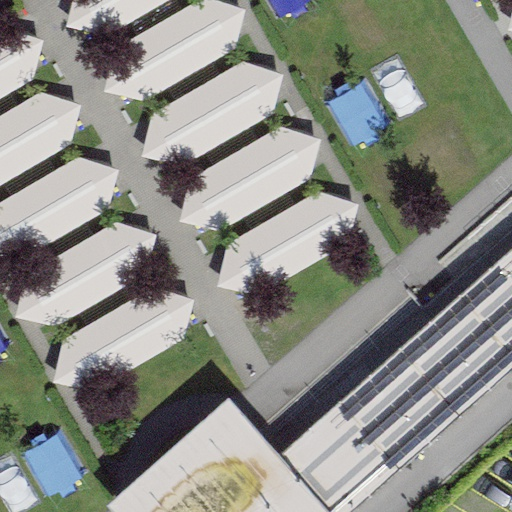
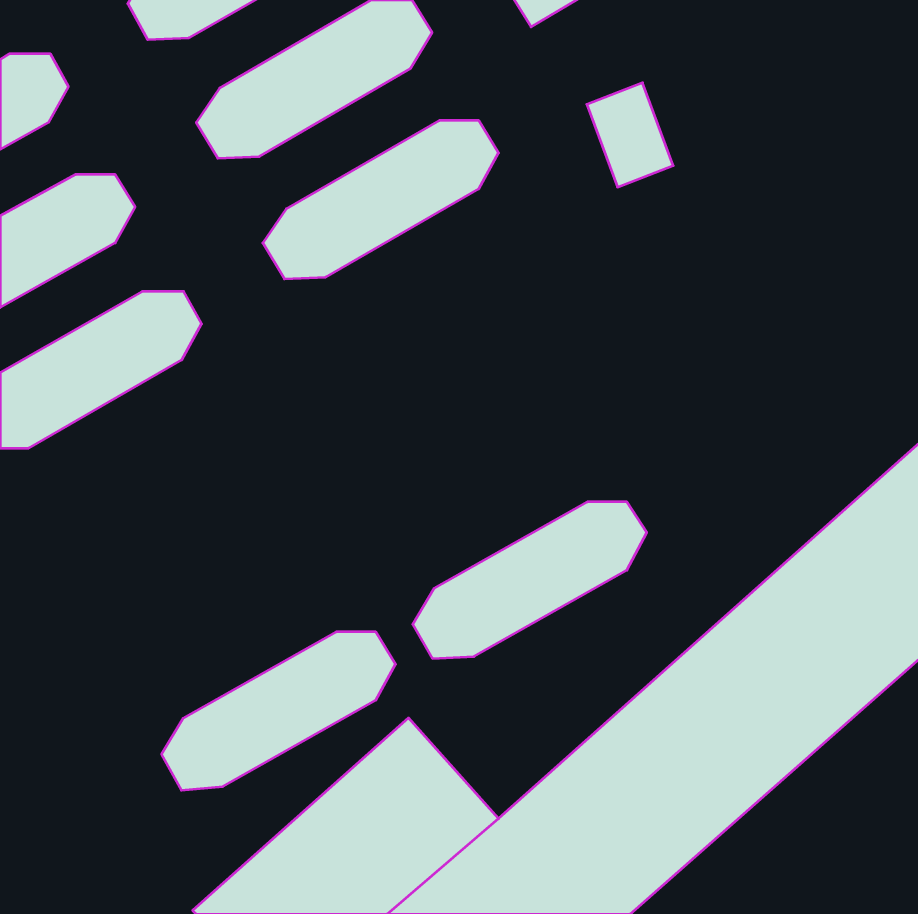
building: [185,130,316,218] -> none
building: [223,195,353,282] -> [413,502,647,658]
building: [22,226,153,314] -> none
building: [60,291,190,379] -> [162,632,396,790]

